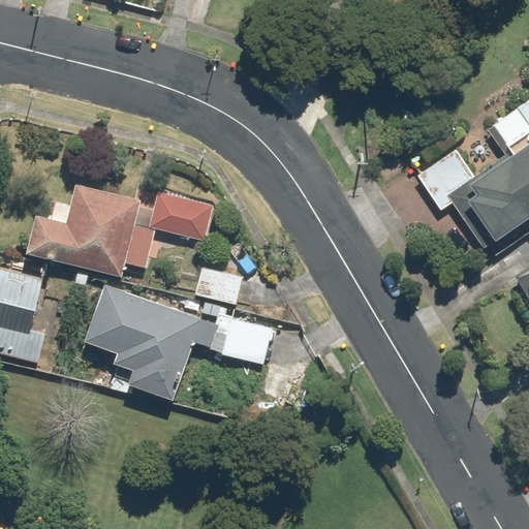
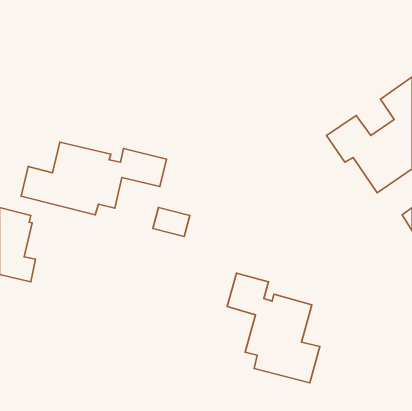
building: [85,283,273,400] -> none
building: none -> [227,273,320,383]

